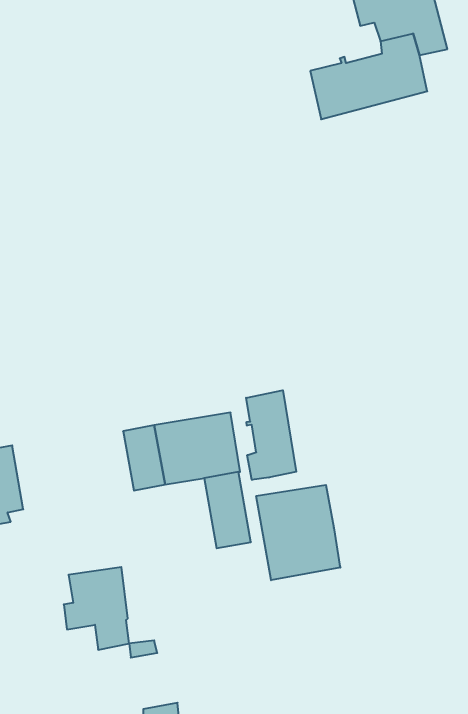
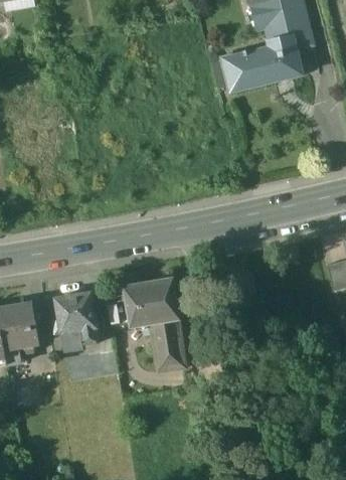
building: [246,390,296,480] -> none
building: [256,485,340,580] -> none
building: [64,567,129,650] -> [52,293,95,346]

